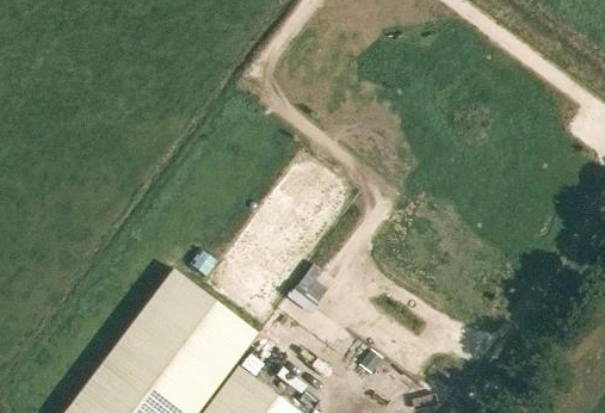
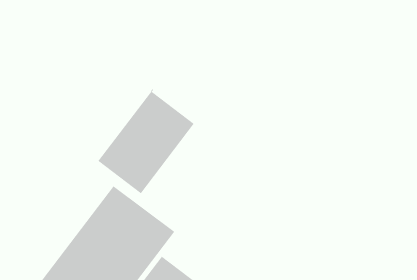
building: none -> [98,89,195,194]

